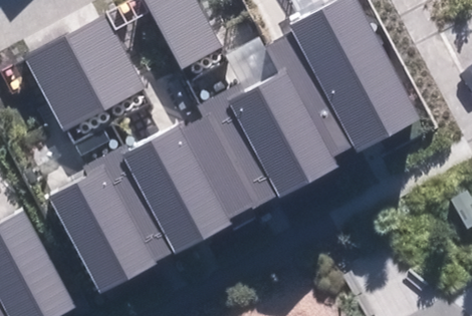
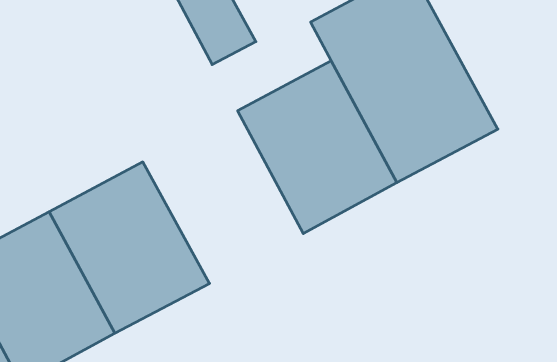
building: [29,21,141,128] -> none
building: [128,107,260,250] -> none

